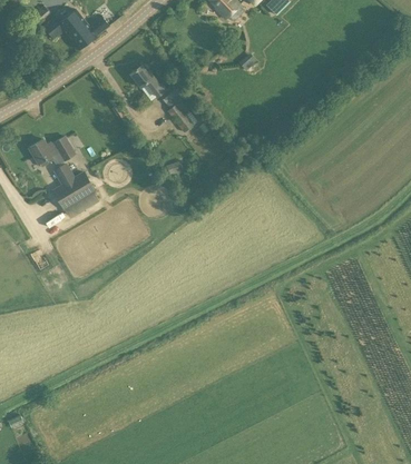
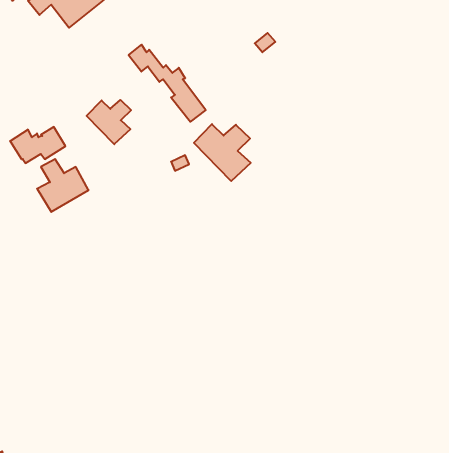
building: none -> [87,100,131,144]
building: none -> [194,124,251,181]

